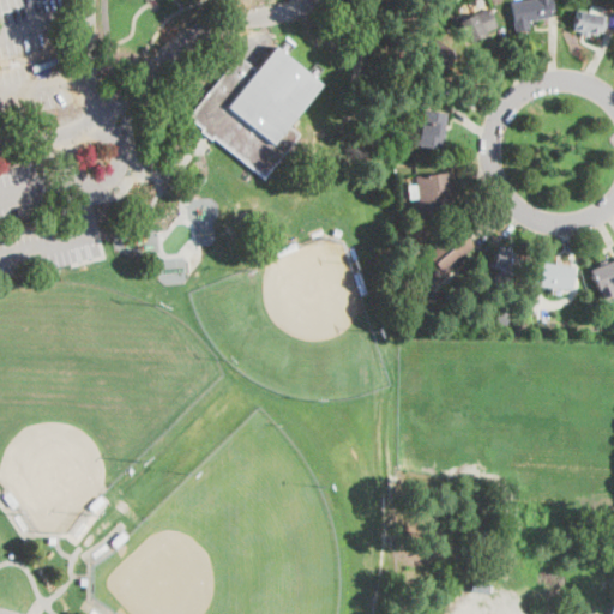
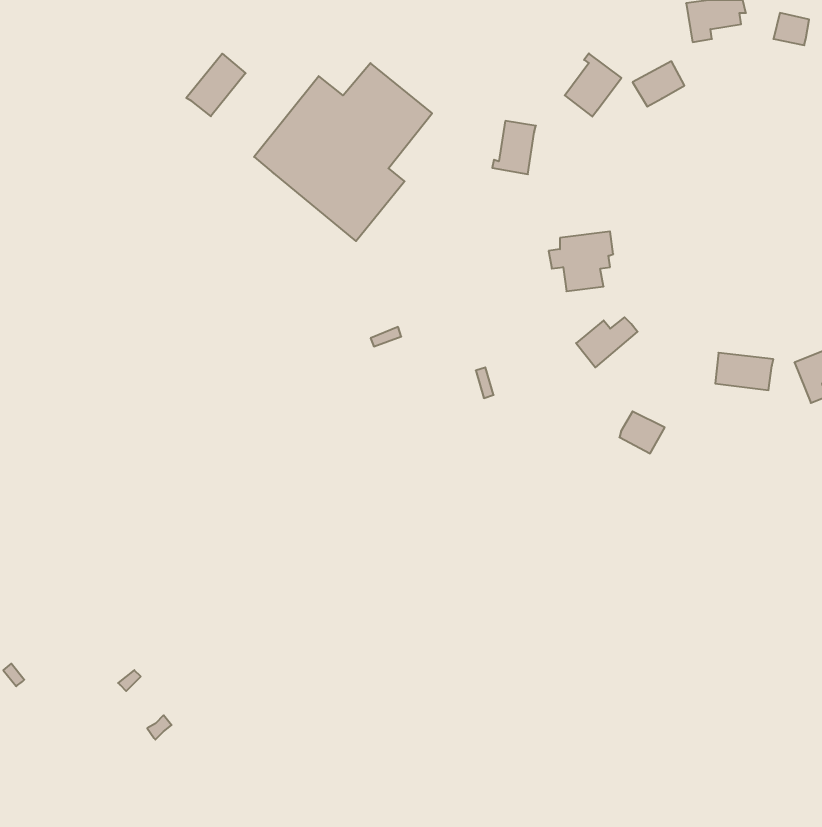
building: [462,7,500,41] -> [633,61,684,107]
building: none -> [186,54,246,116]
building: [419,110,451,150] -> [492,121,536,174]
building: [492,246,525,277] -> [619,411,665,453]

